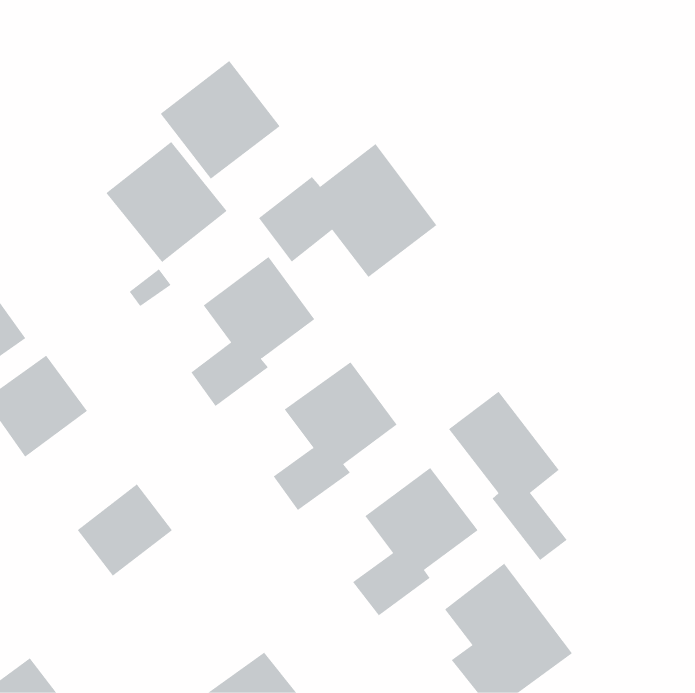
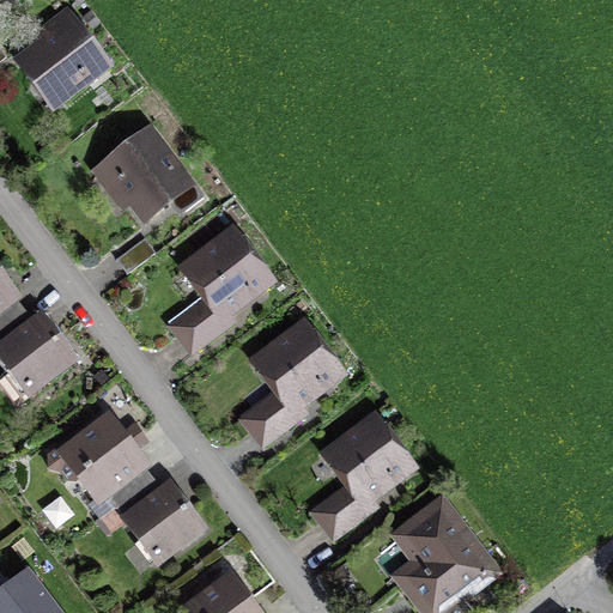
building: [160,60,280,179] -> [10,8,115,113]
building: [258,143,437,278] -> none
building: [448,391,568,561] -> none
building: none -> [121,480,206,564]

